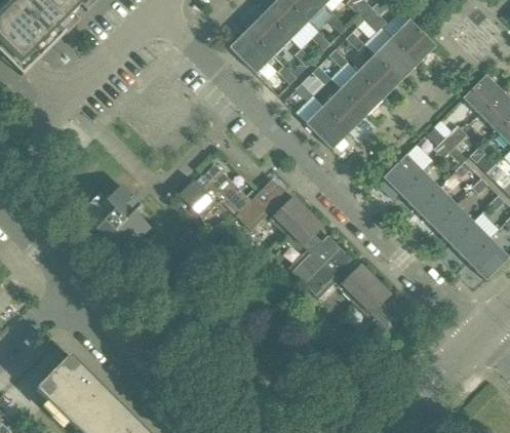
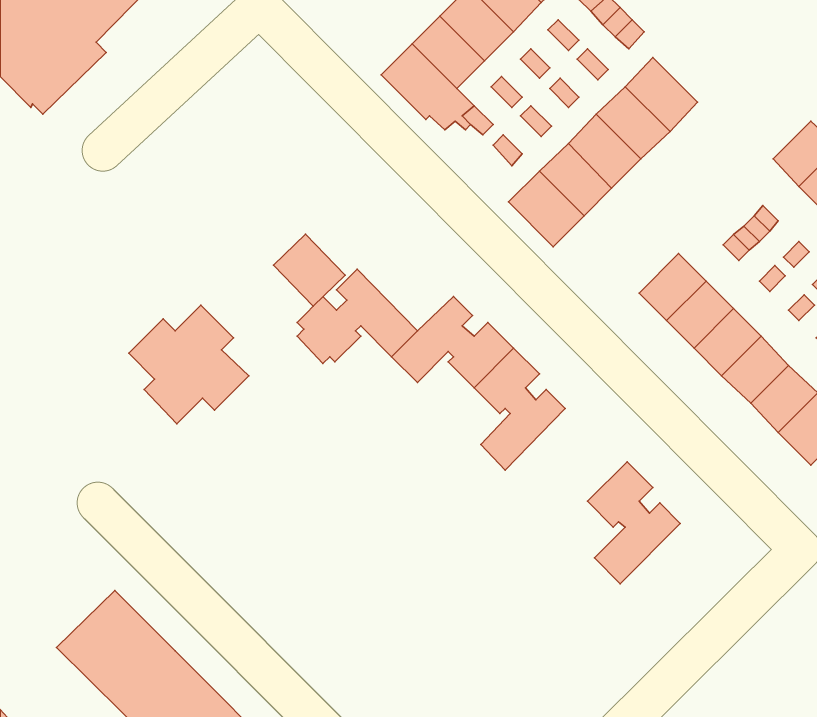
building: [392,18,437,63] -> none
building: none -> [273,234,345,306]
building: [295,245,377,301] -> none

